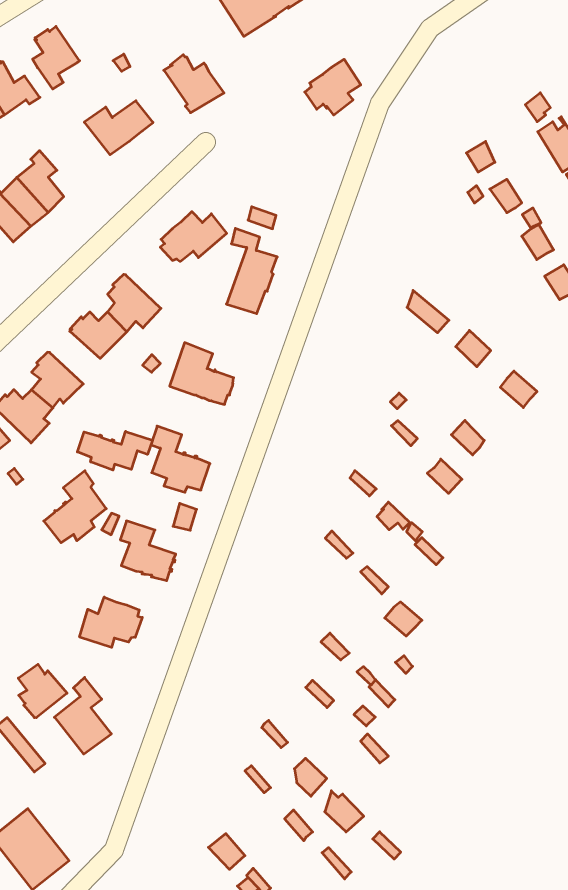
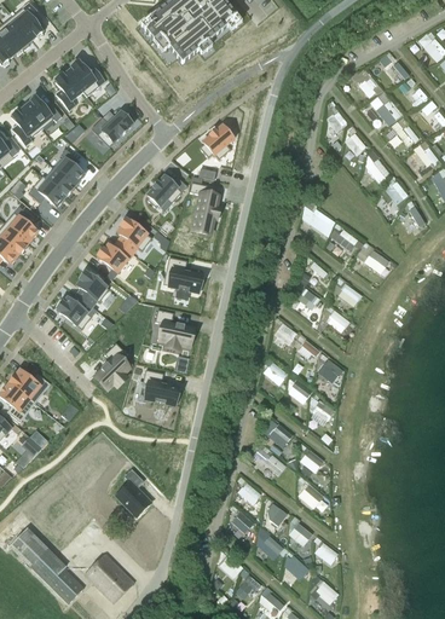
building: [164,55,224,113] -> [67,60,105,96]
building: [305,59,361,115] -> [200,125,233,160]
building: [77,431,153,470] -> none
building: [80,597,142,647] -> none
building: [18,664,67,718] -> none

